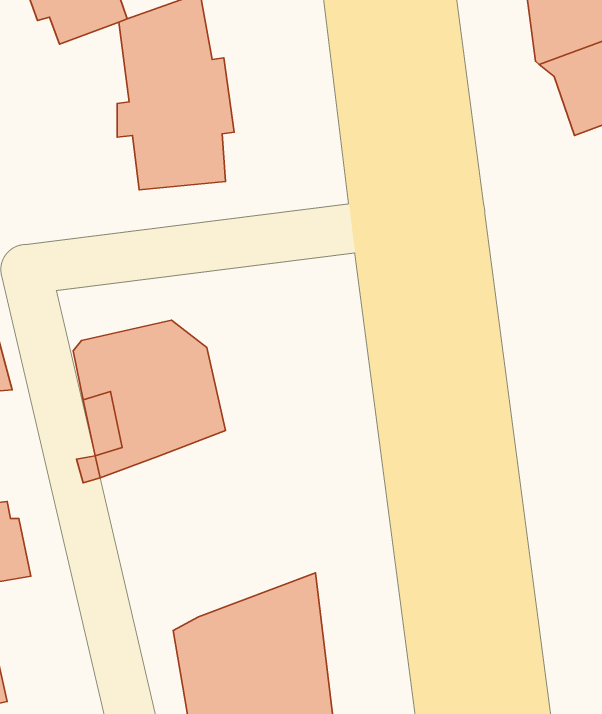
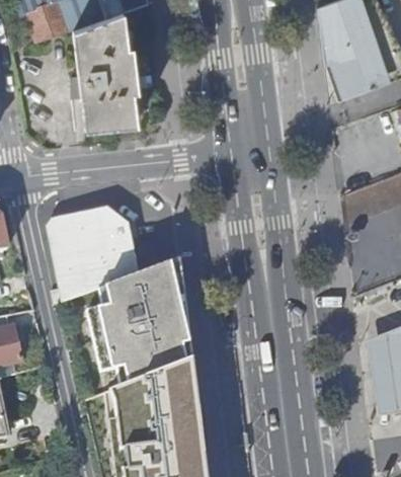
building: none -> [86,258,190,385]

